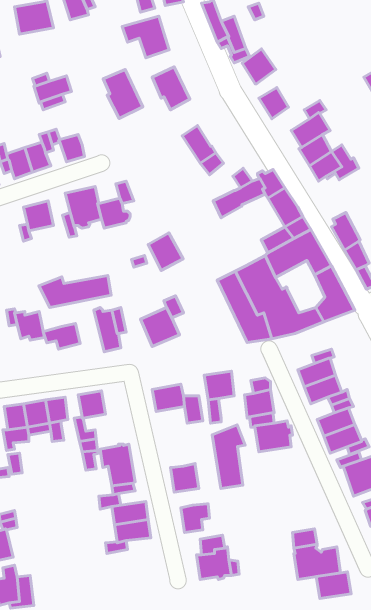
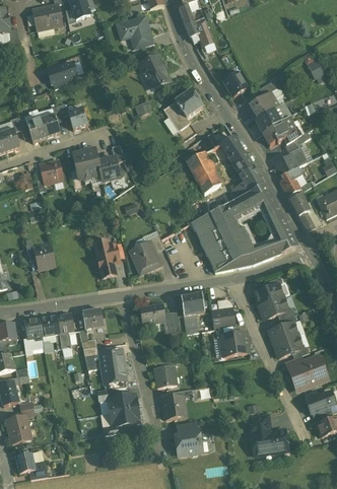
building: [242,49,276,84] -> [176,89,202,117]
building: [103,69,143,118] -> none
building: none -> [275,146,307,173]
building: [148,233,183,271] -> [194,163,221,193]
building: [39,276,111,308] -> none
building: [43,324,80,349] -> none
building: [212,425,245,488] -> none
building: [316,572,351,599] -> none

